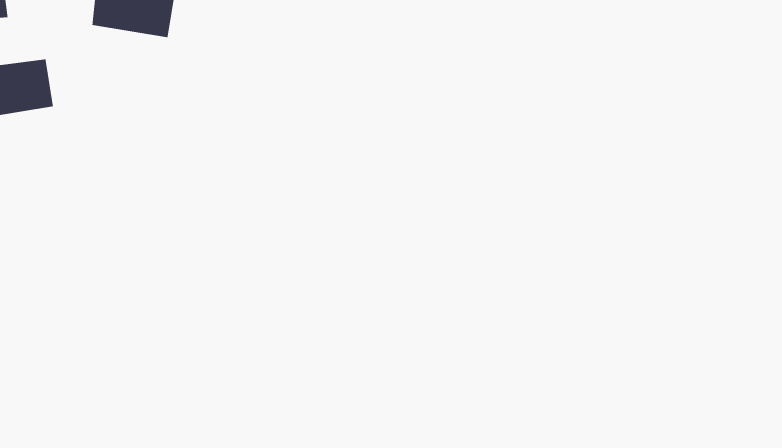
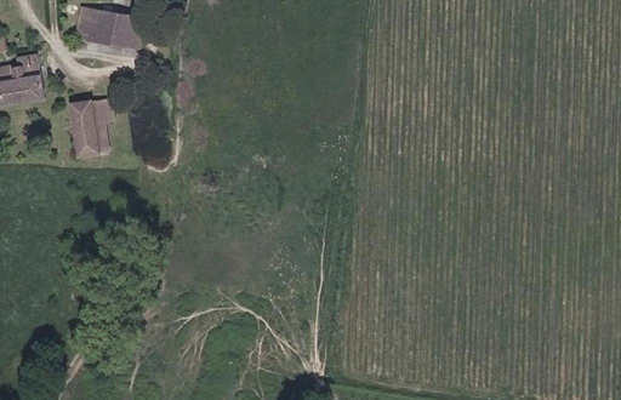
building: none -> [72,98,106,155]

